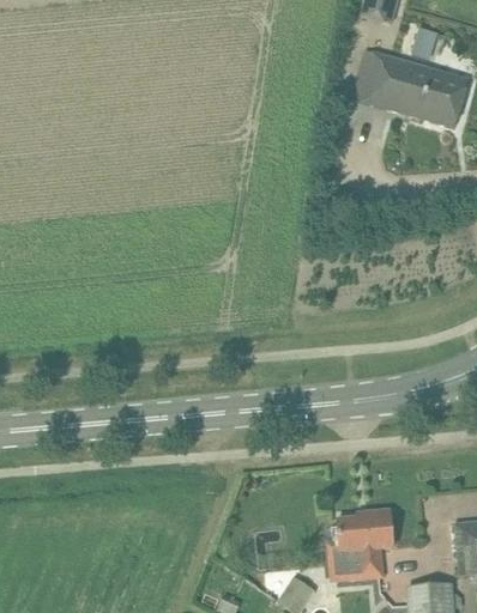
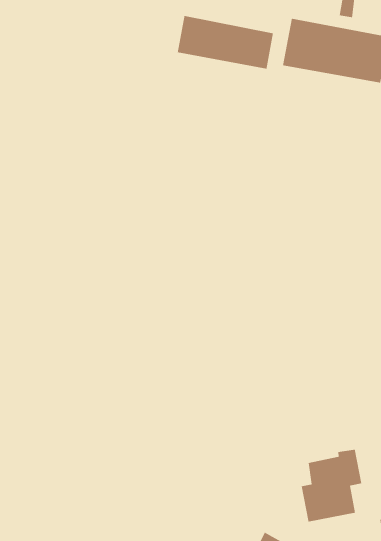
building: none -> [177,15,274,70]

